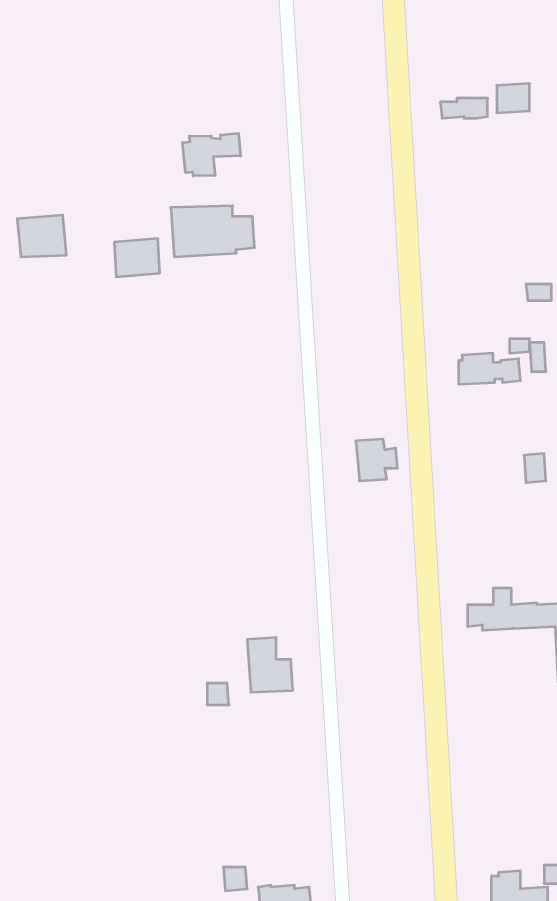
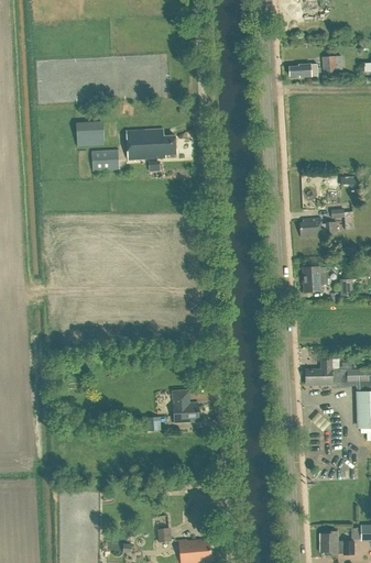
building: [183,133,241,176] -> none
building: [17,215,66,257] -> [75,120,105,145]
building: [356,439,398,481] -> [302,266,327,291]

